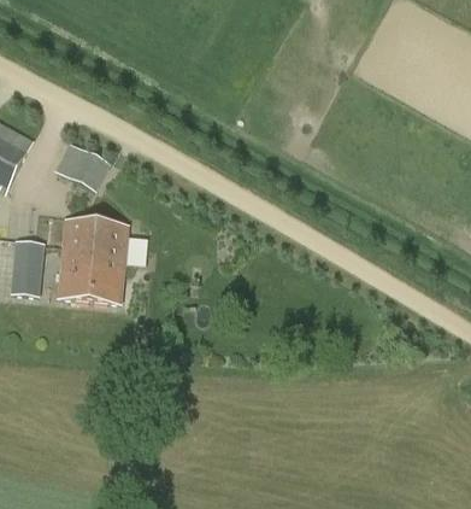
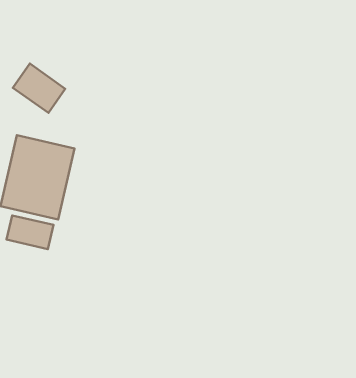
building: none -> [6,215,53,249]

